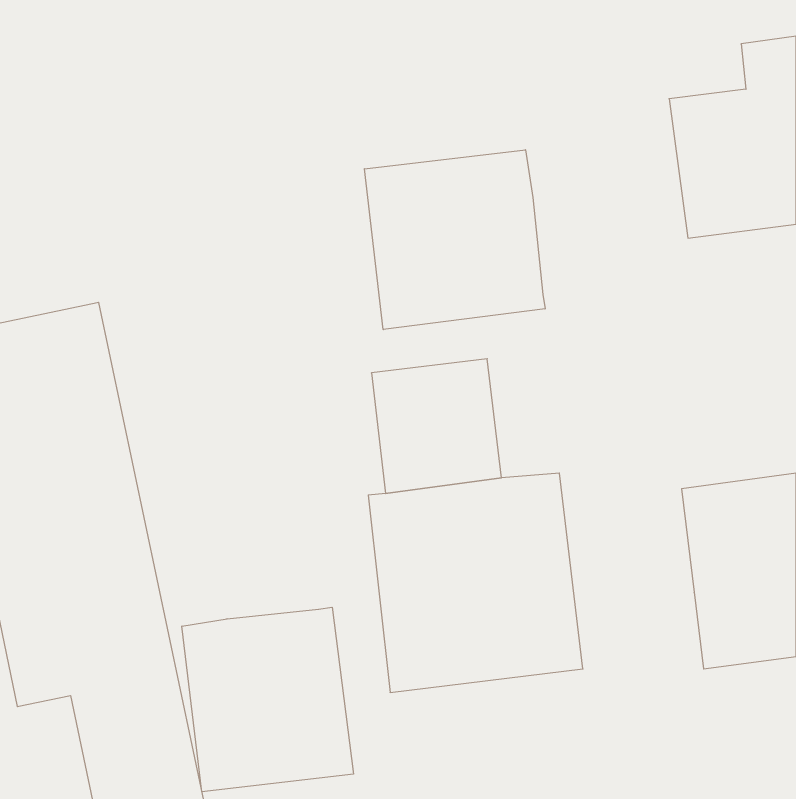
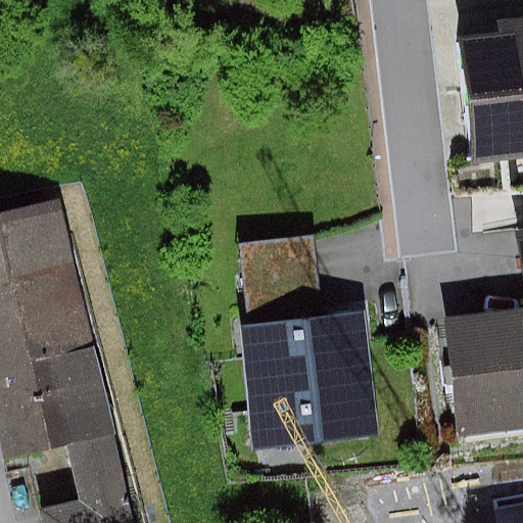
building: [364,150,545,330] -> none
building: [182,607,353,792] -> none

